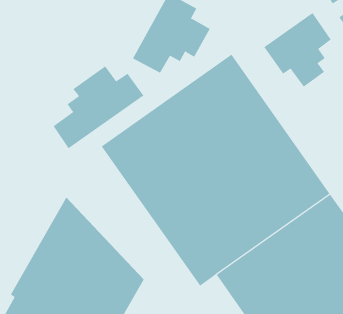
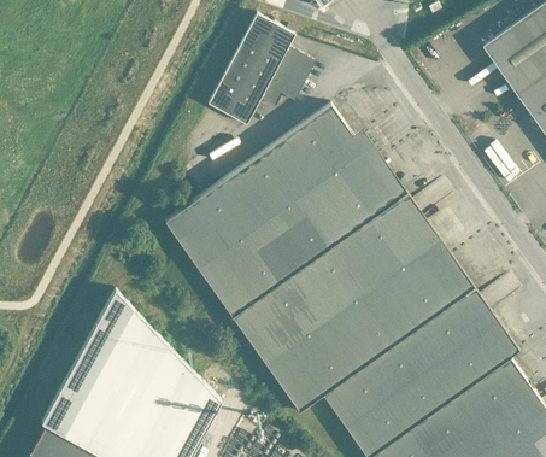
building: [264,12,331,88] -> none
building: [53,65,144,149] -> none

